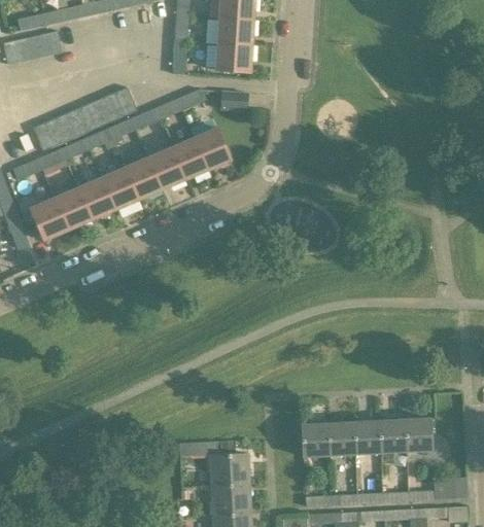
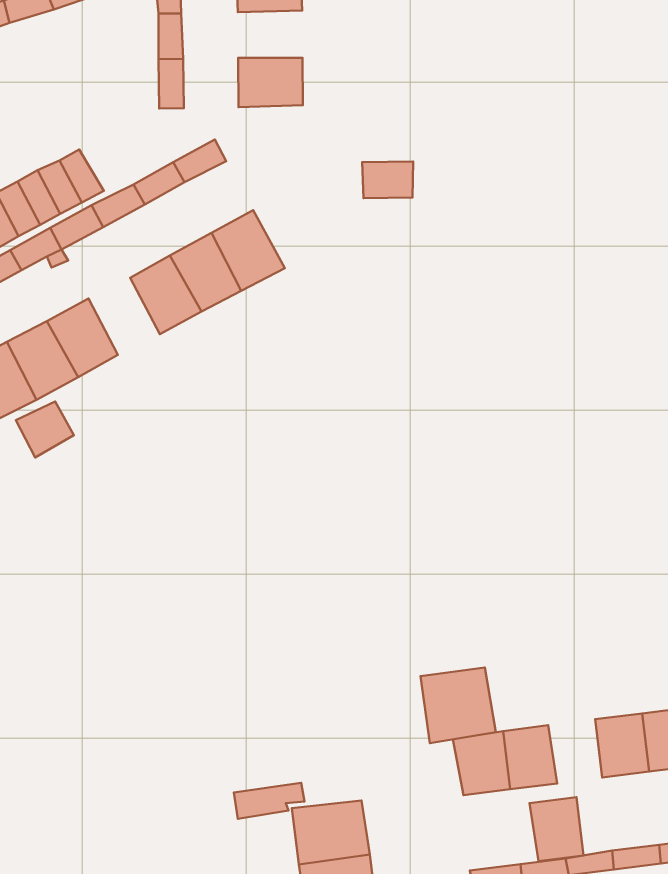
building: [216,20,253,47] -> none
building: [219,90,248,111] -> [362,162,413,198]
building: [124,159,161,200] -> none
building: none -> [16,401,74,457]
building: none -> [421,668,496,743]
building: [353,420,380,453] -> [530,797,583,861]

